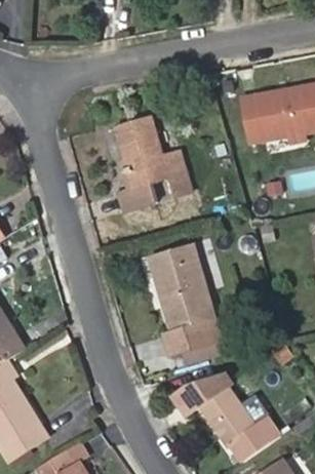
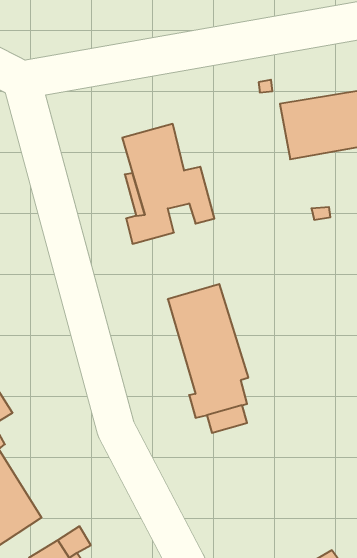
building: [173,374,279,463] -> none

